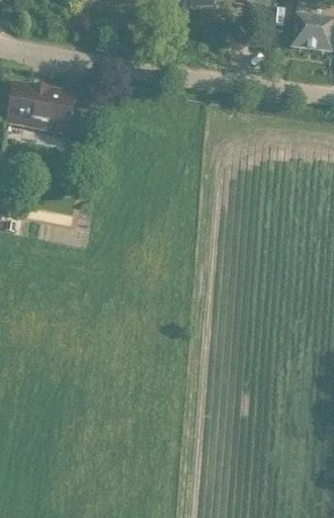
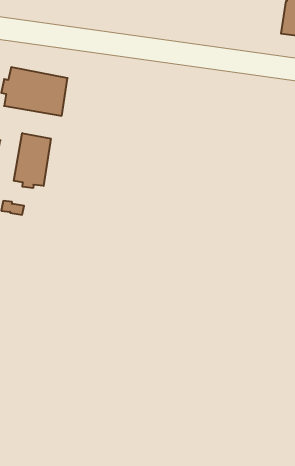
building: none -> [14,133,51,188]

